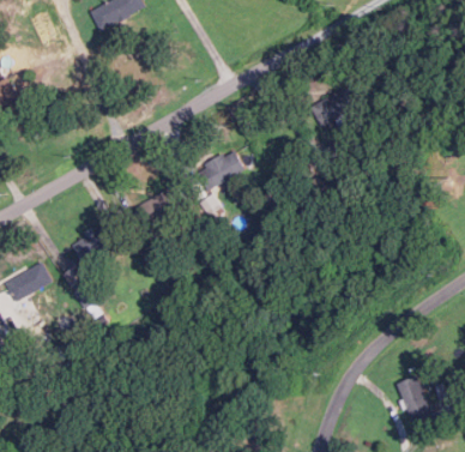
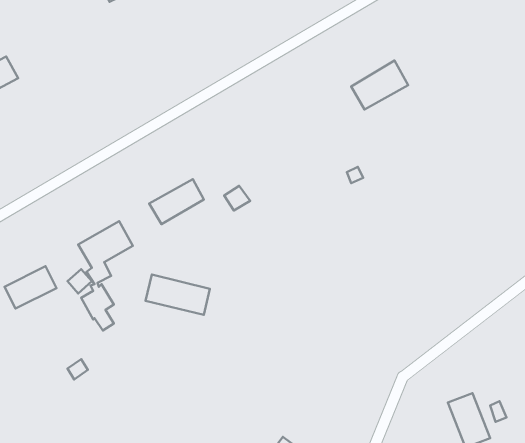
building: [198,150,246,191] -> none
building: none -> [145,275,210,315]

